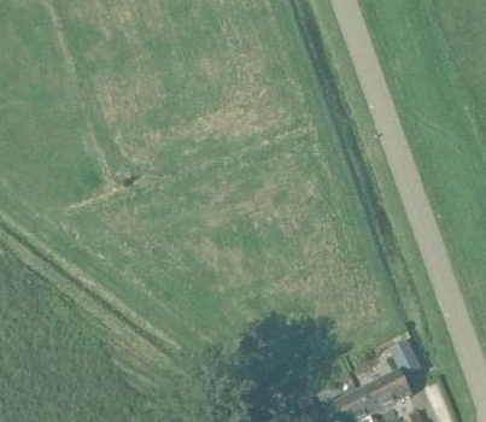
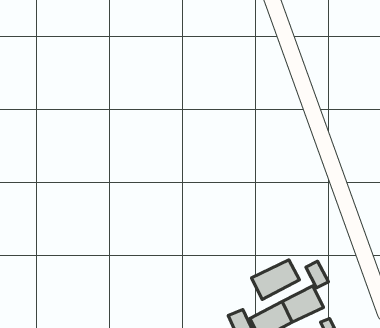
building: none -> [251,260,299,299]

